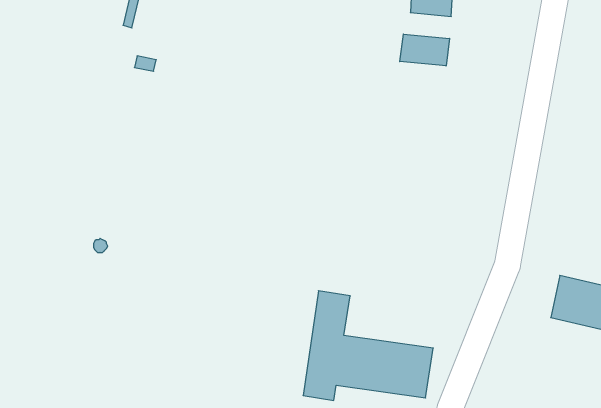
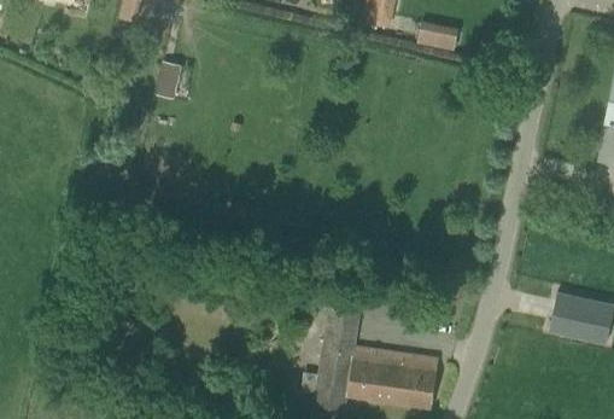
building: [400,34,450,66] -> none

